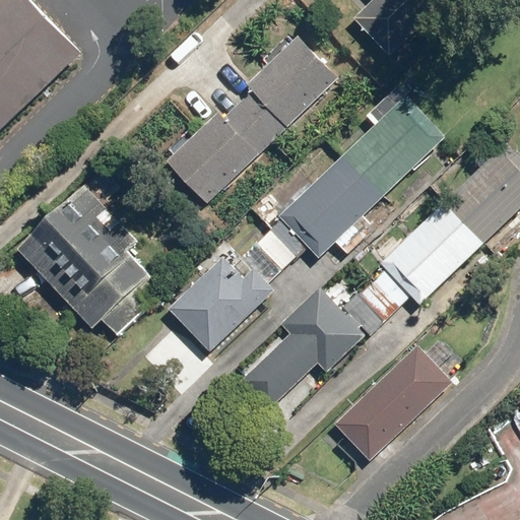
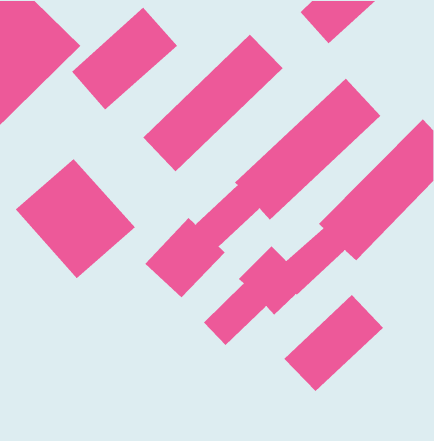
building: none -> [71,7,178,111]

